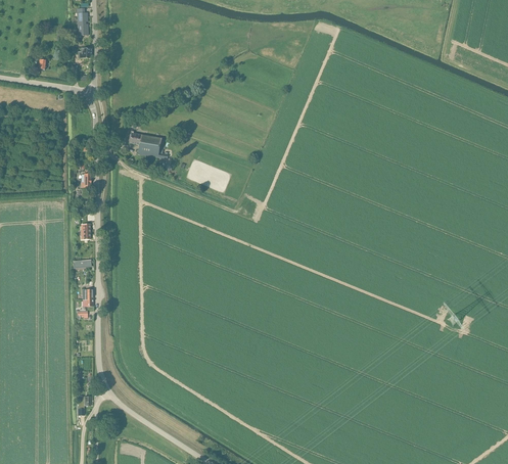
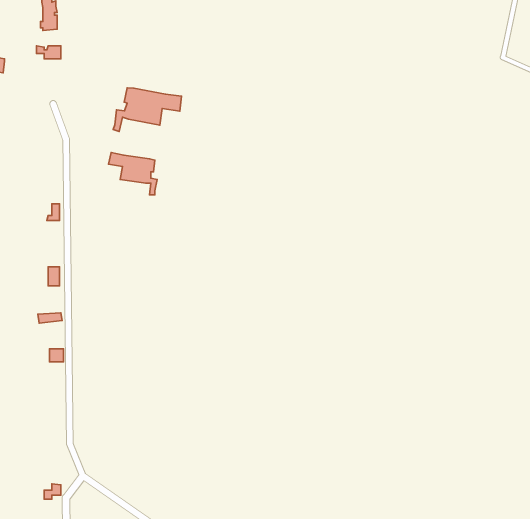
building: none -> [113,88,182,132]

